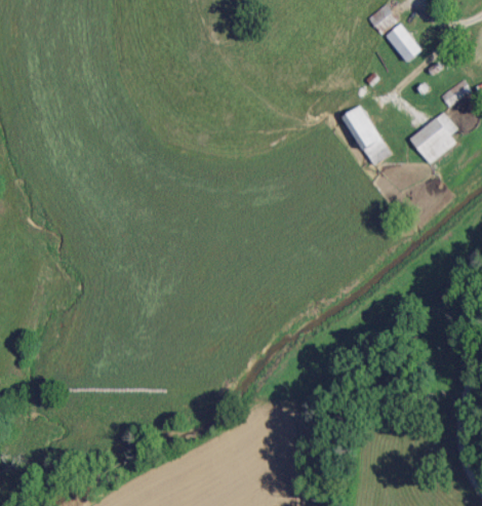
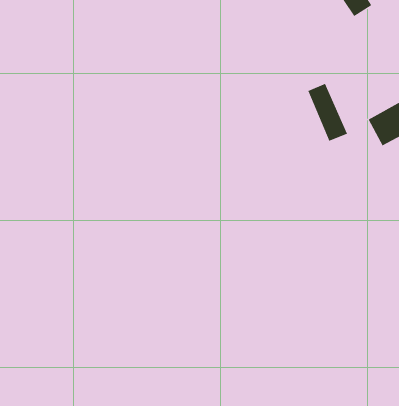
building: [385,23,423,63] -> none

